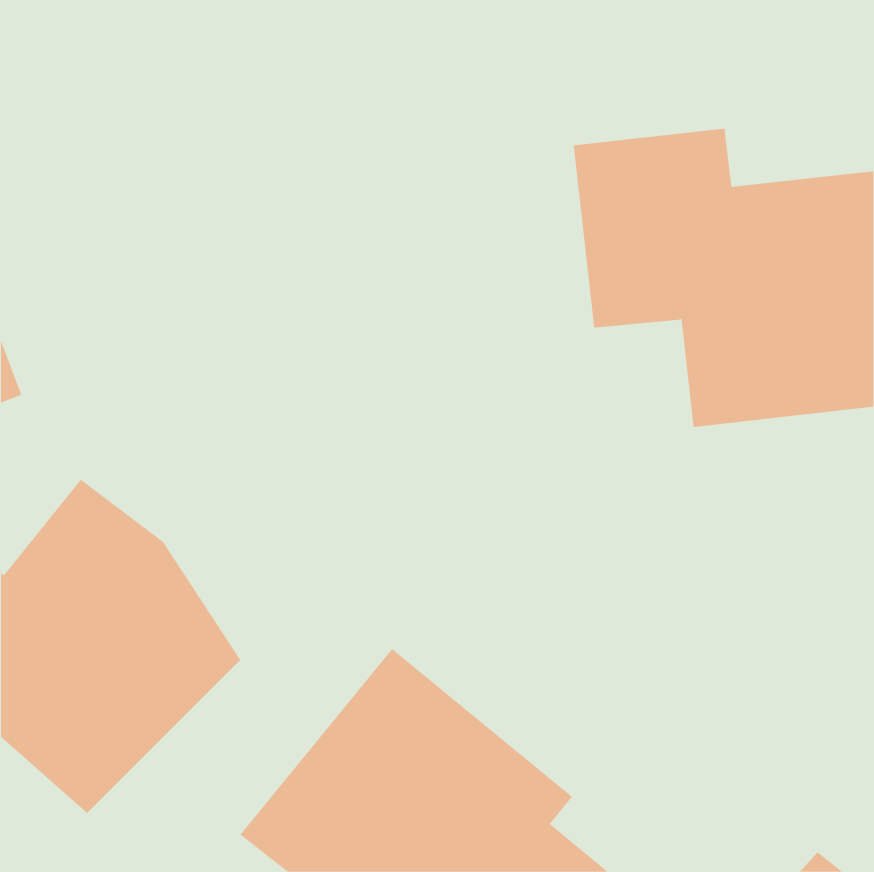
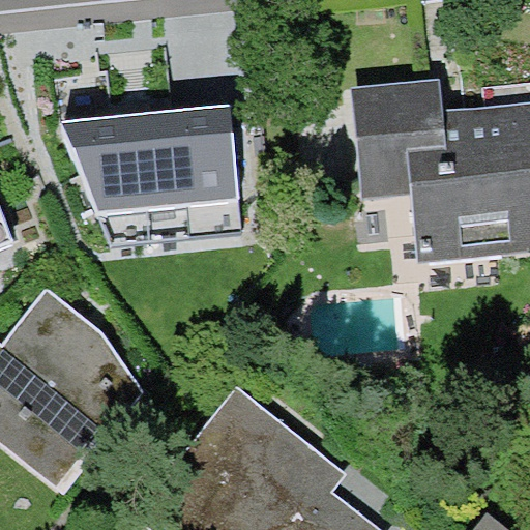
building: none -> [62,102,244,237]

